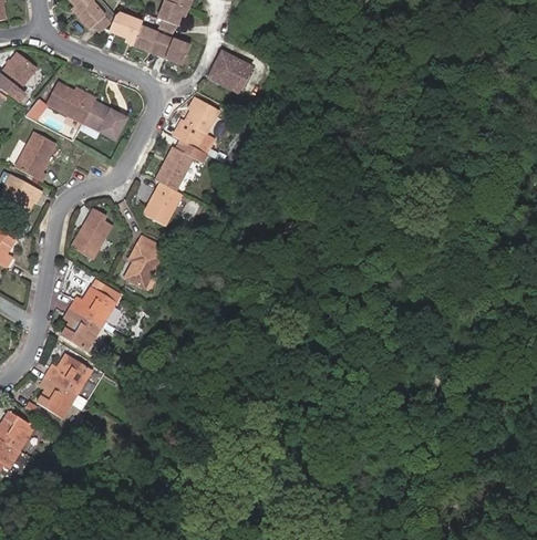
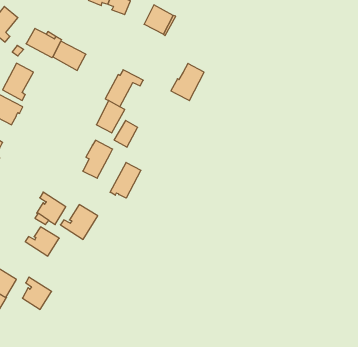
building: [173,98,218,149] -> [171,63,204,101]
building: [71,208,112,259] -> none
building: none -> [114,120,138,147]
building: none -> [110,162,141,198]
building: [70,279,121,326] -> [60,205,98,239]
building: [37,374,76,418] -> [22,277,52,309]

